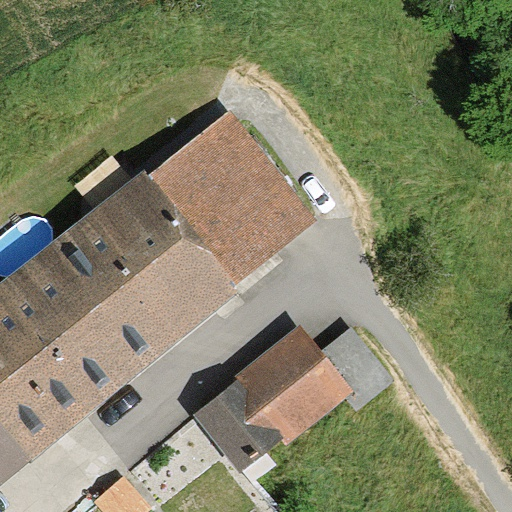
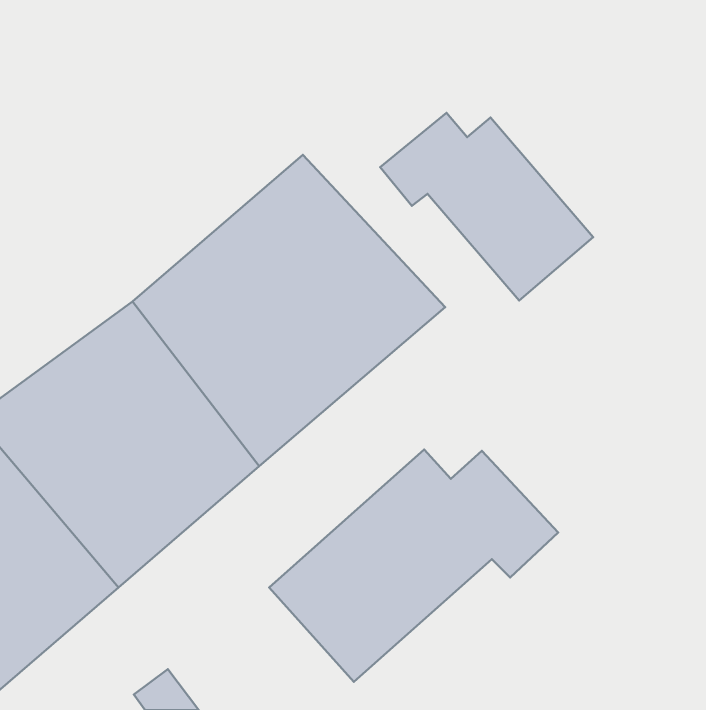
building: none -> [380,113,593,300]

